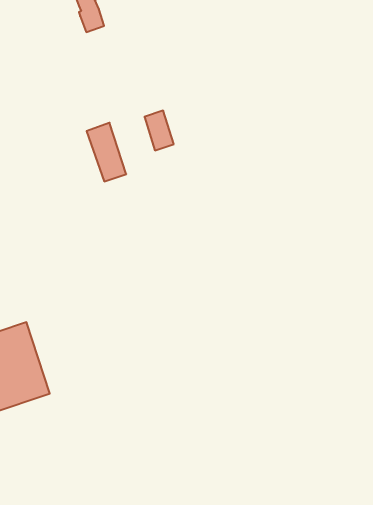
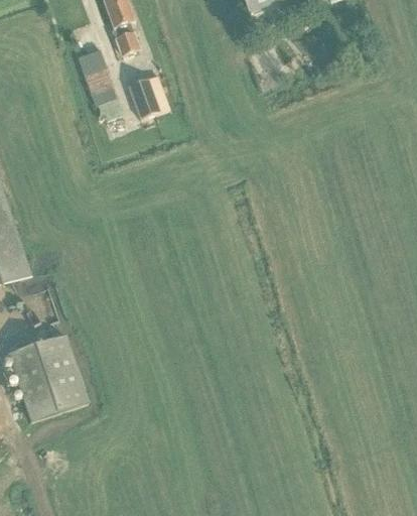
building: [144,111,174,150] -> [132,79,160,117]
building: [87,123,126,181] -> [80,48,118,105]

